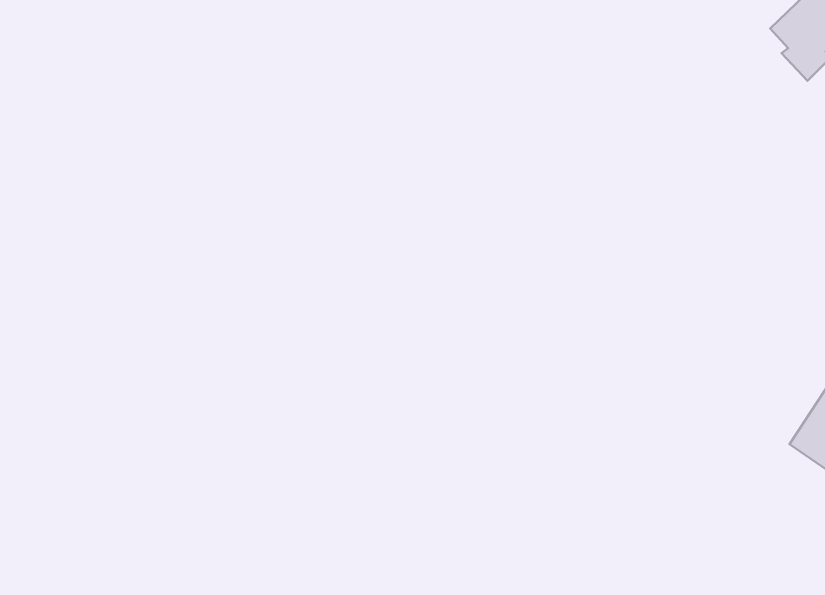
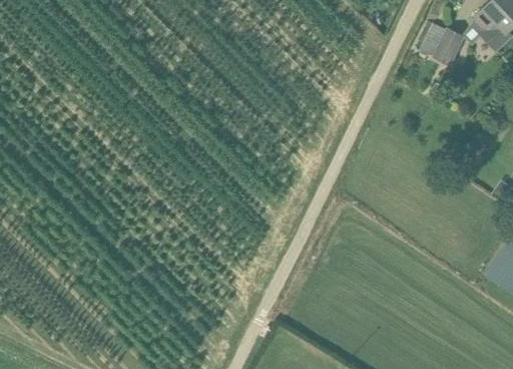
building: none -> [420,23,464,65]

